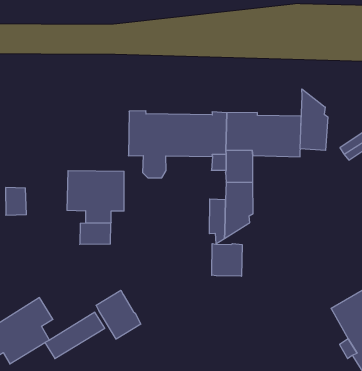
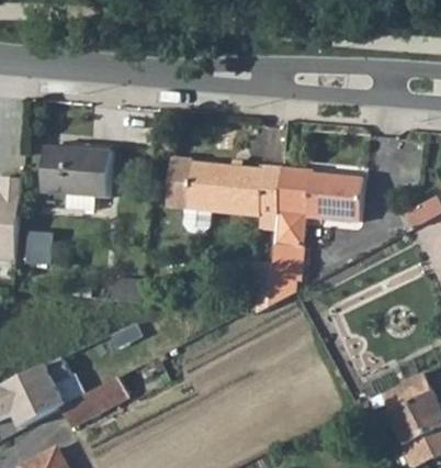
building: [300,89,328,150] -> none
building: [67,171,124,223] -> [44,149,111,211]
building: [212,244,242,276] -> none
building: [96,290,141,339] -> none

